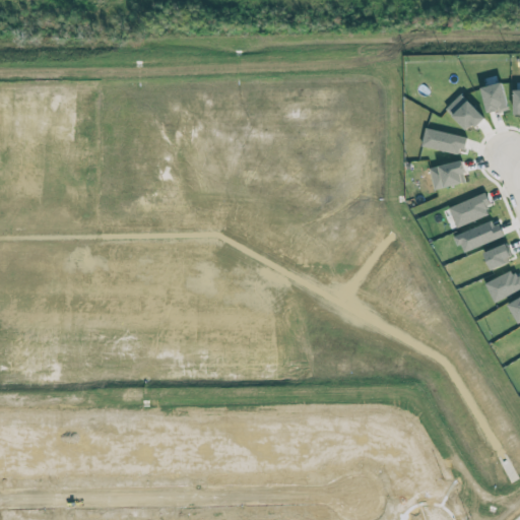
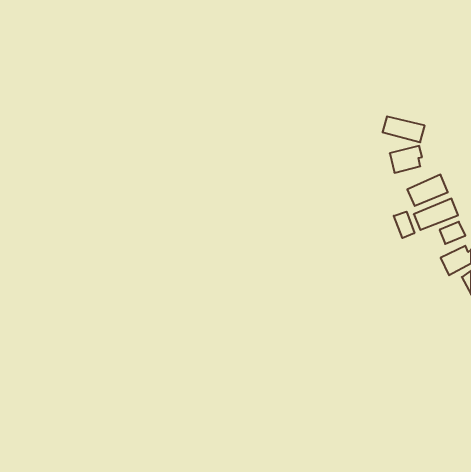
building: [480,82,509,114] -> none
building: [446,93,483,132] -> none
building: none -> [394,212,414,238]

